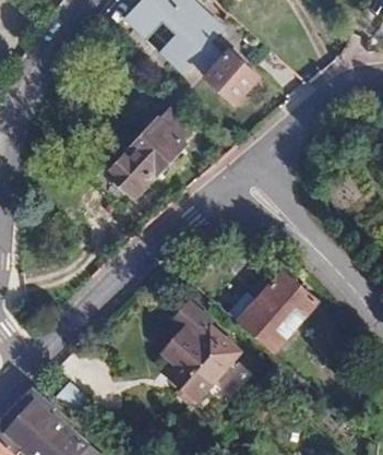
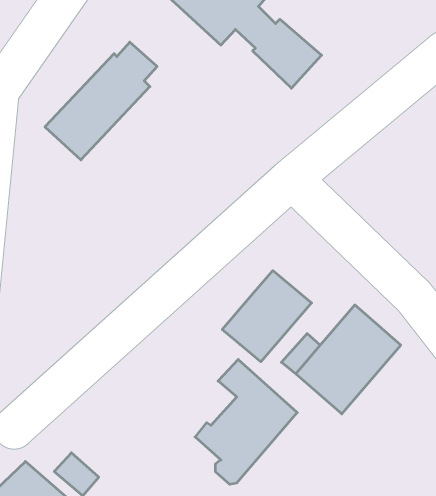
building: [107,108,192,197] -> [45,42,157,160]
building: none -> [222,271,312,362]

